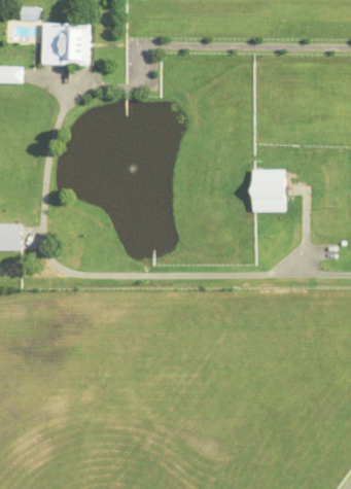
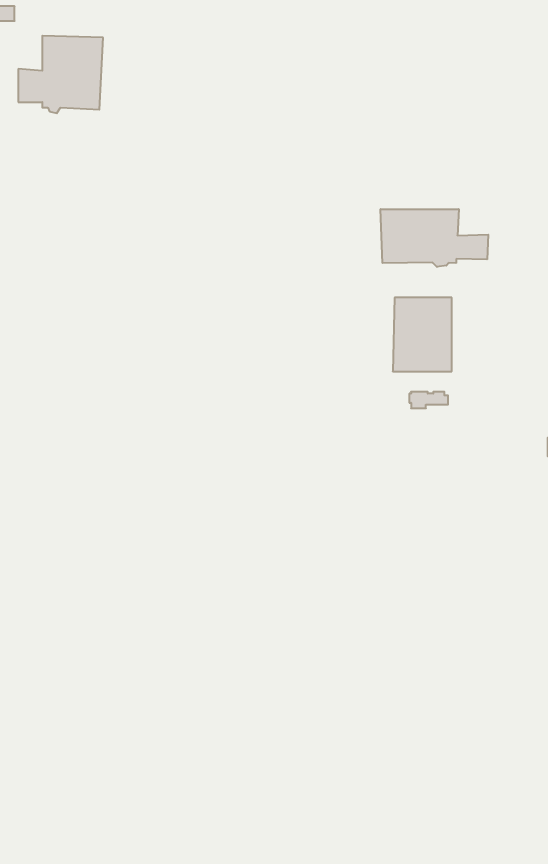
building: none -> [381,209,488,267]

